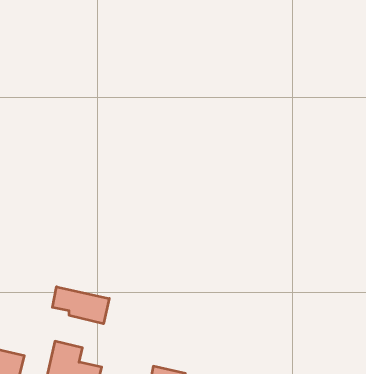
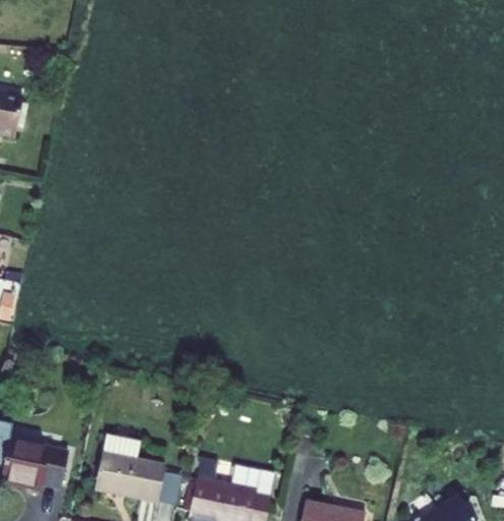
building: [52,287,109,324] -> none

